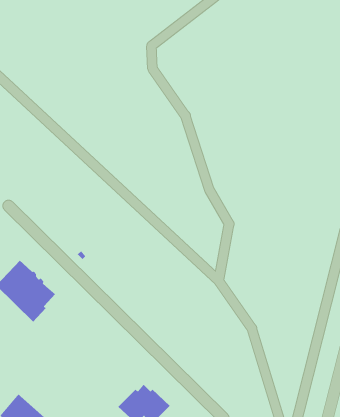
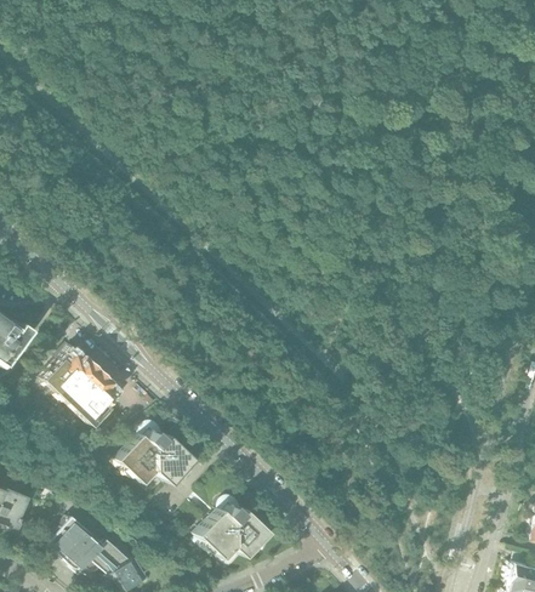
building: none -> [123,431,189,484]

